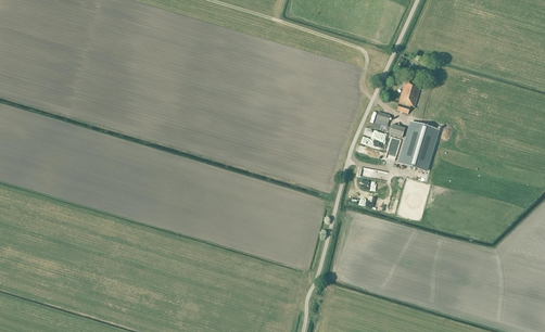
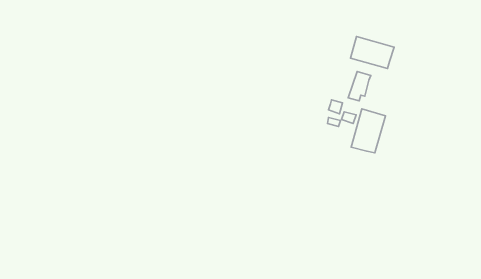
building: none -> [350,37,394,69]

